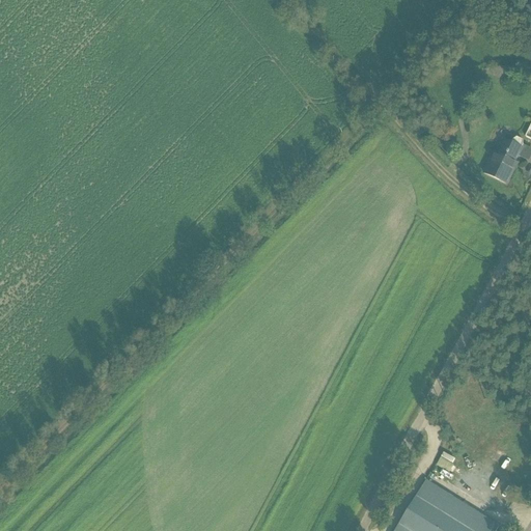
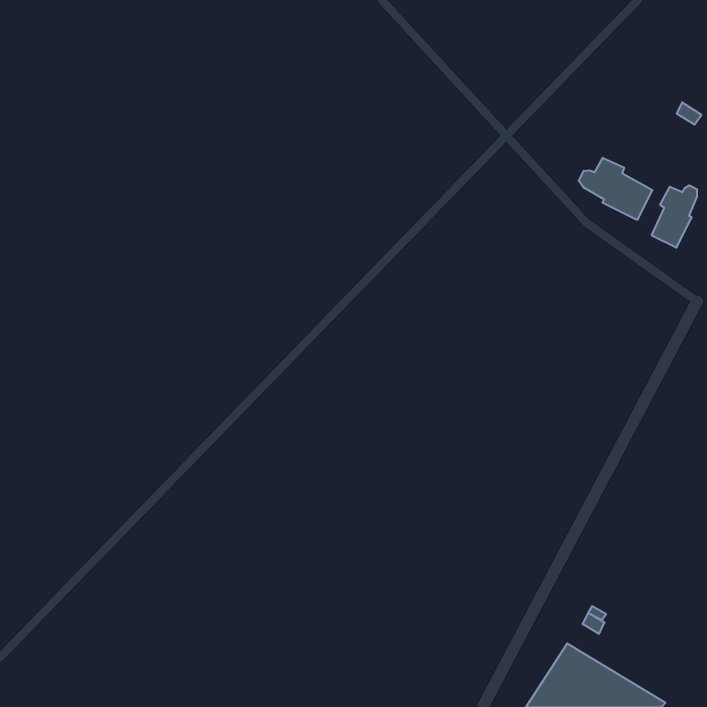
building: none -> [579,158,652,220]

